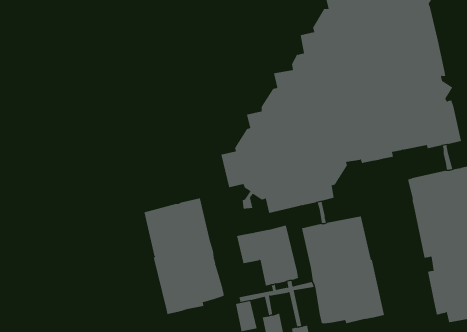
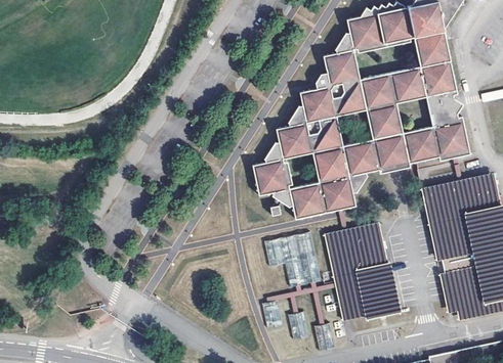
building: [144,197,225,315] -> none

